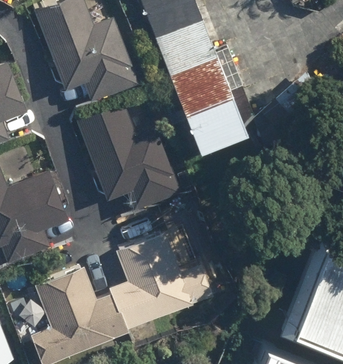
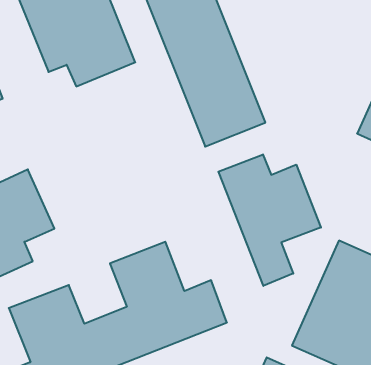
building: [78,105,182,213] -> none
building: none -> [218,154,321,286]

